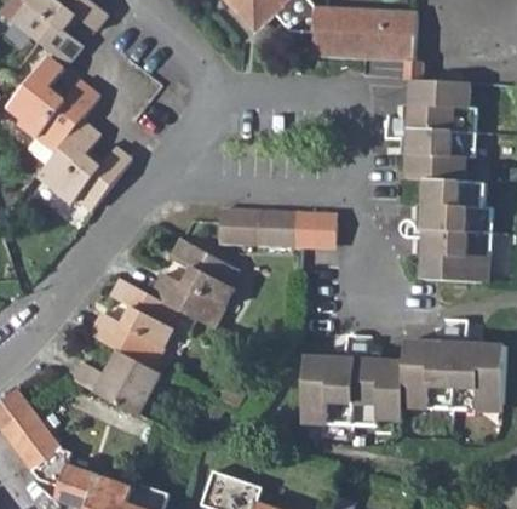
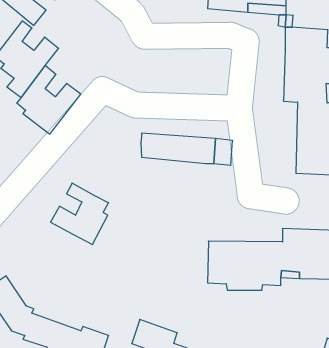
building: [149,244,236,333] -> none
building: [74,353,162,416] -> none

